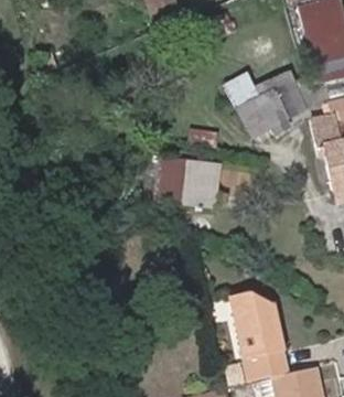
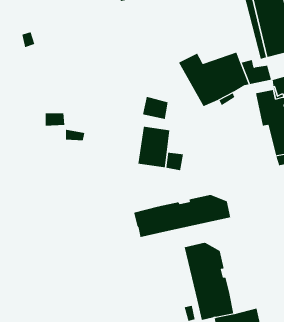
building: [150,155,182,202] -> none
building: none -> [134,194,231,238]

